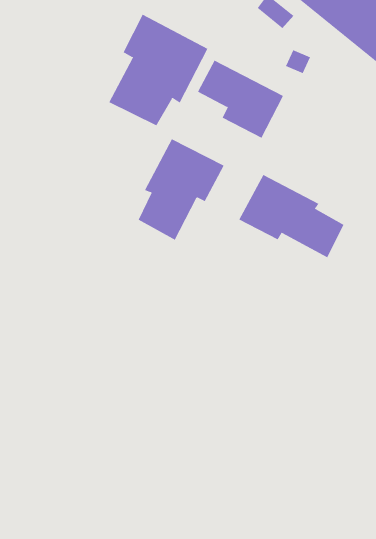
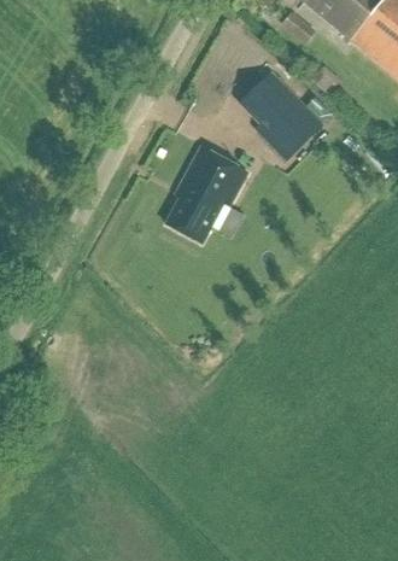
building: [109,14,208,126] -> none
building: [238,174,344,258] -> none

